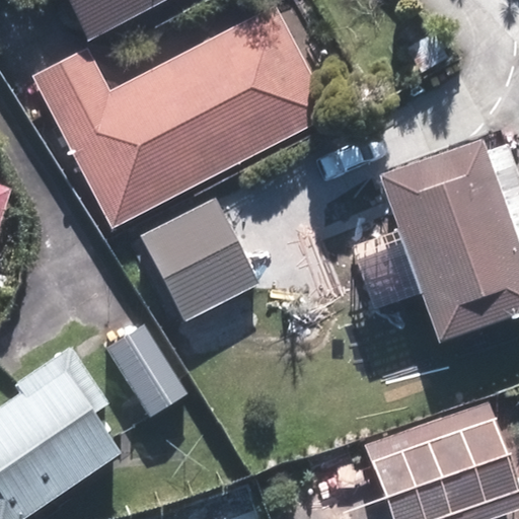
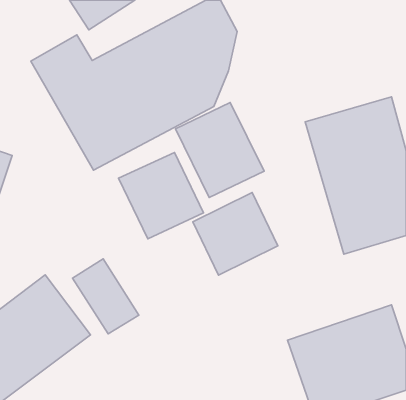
building: none -> [175,102,264,198]
building: none -> [193,193,278,275]

